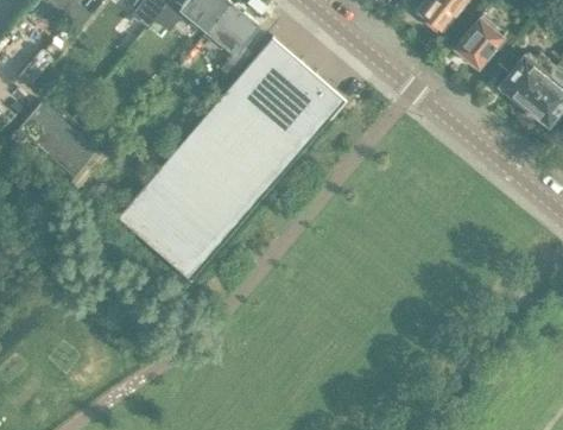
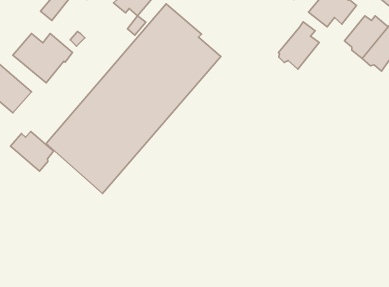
building: none -> [278,22,319,69]
building: none -> [13,33,72,83]
building: none -> [11,132,54,171]

